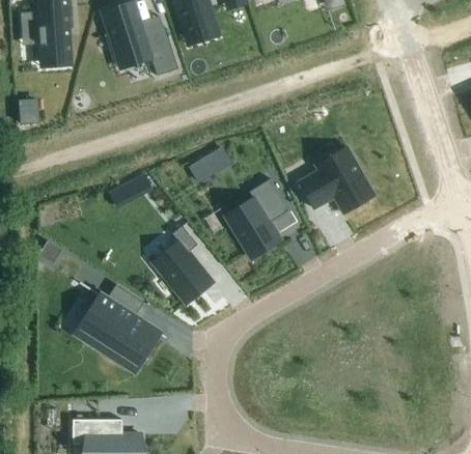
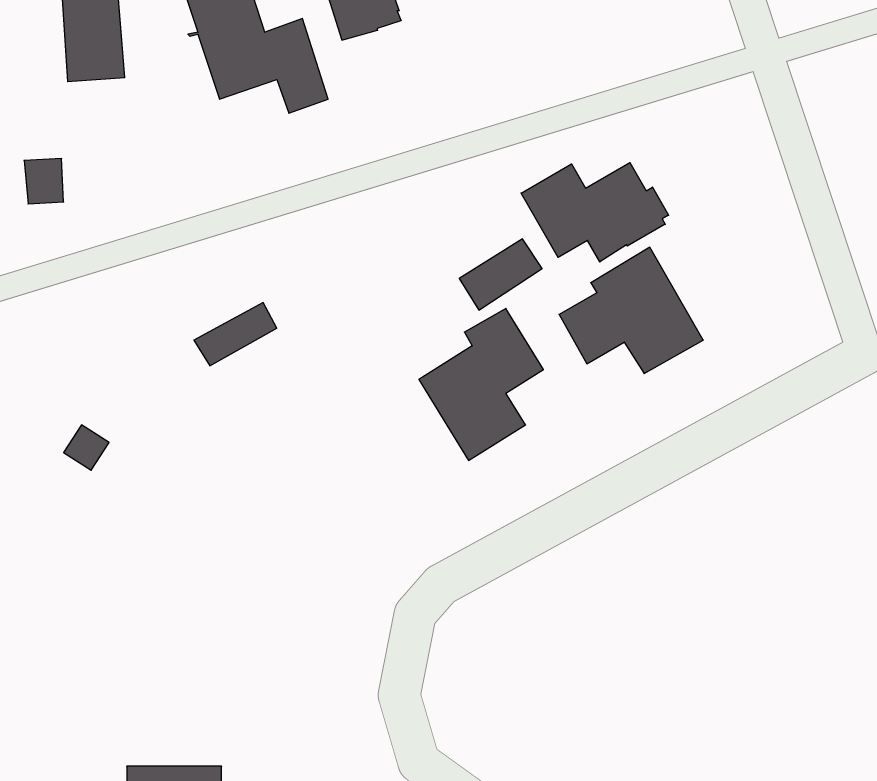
building: none -> [521,163,669,262]
building: [189,146,232,183] -> [459,239,542,310]
building: [151,223,211,301] -> none
building: [80,282,167,362] -> none

